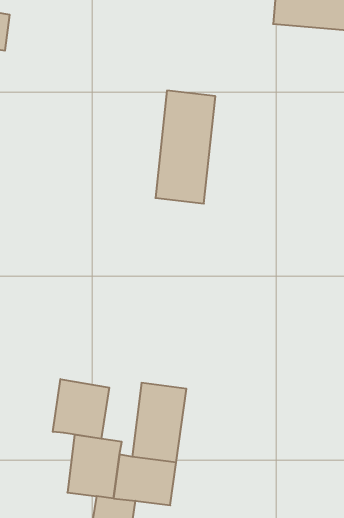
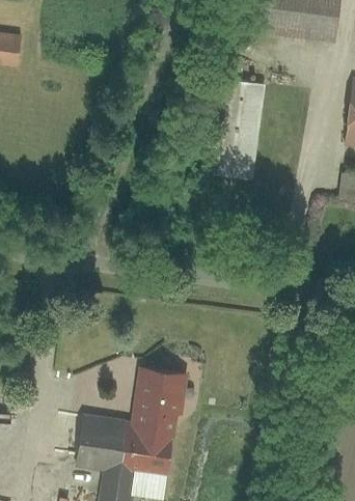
building: [155,91,215,204] -> [212,80,266,182]
building: [53,379,109,439] -> none

